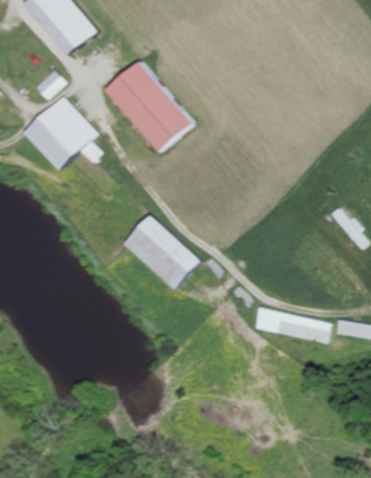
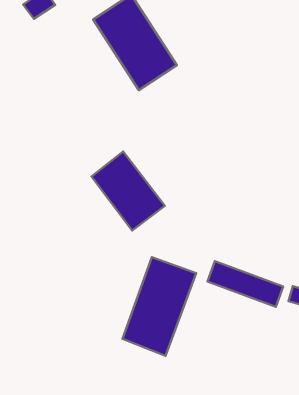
building: [24,95,97,170] -> none
building: none -> [122,257,196,356]

